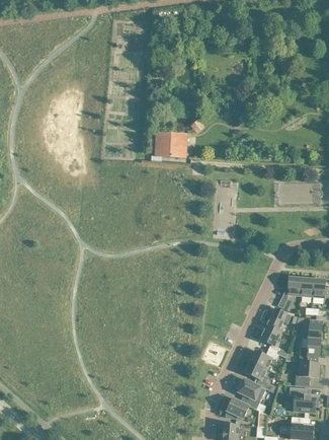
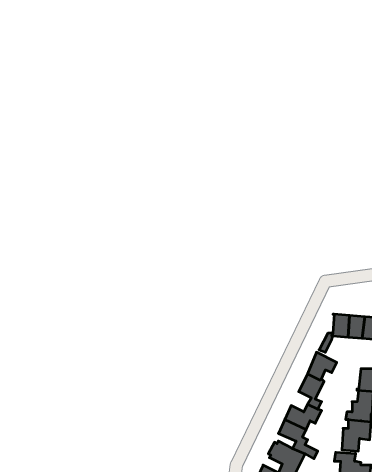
building: [154,132,180,156] -> none

